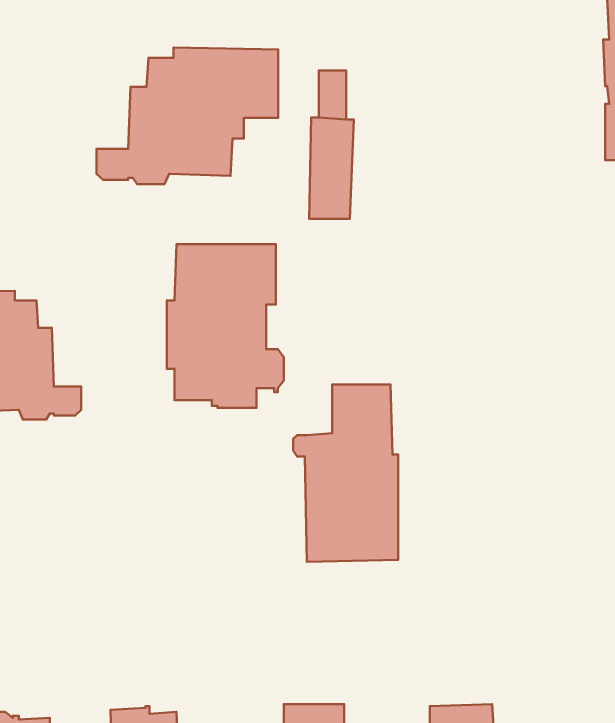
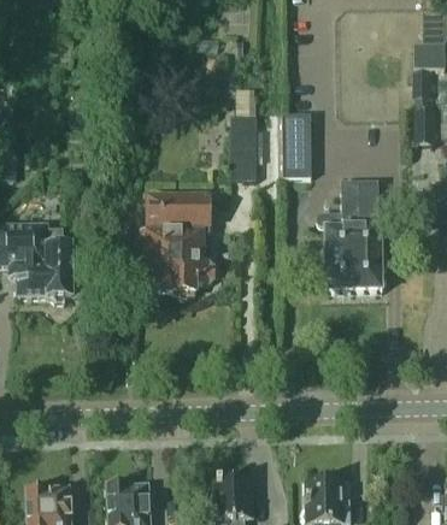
building: [96,48,278,184] -> none
building: none -> [286,122,313,184]
building: [293,384,398,562] -> [317,181,382,290]

